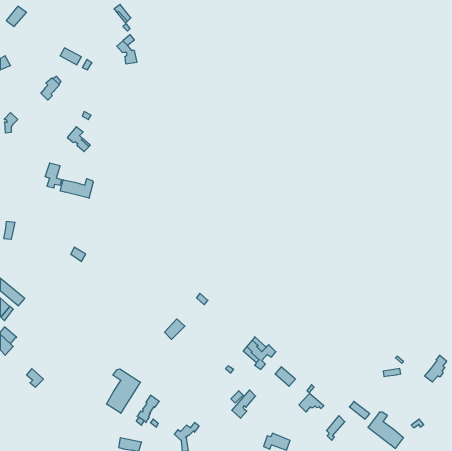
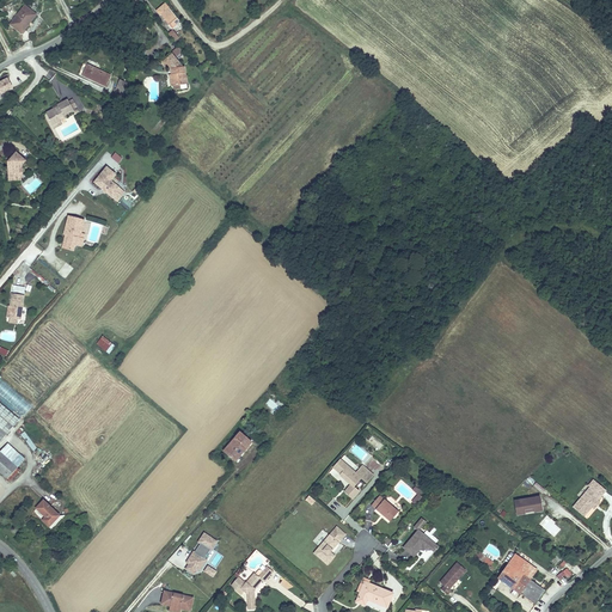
building: [60,179,93,198] -> none
building: [106,369,140,413] -> none

